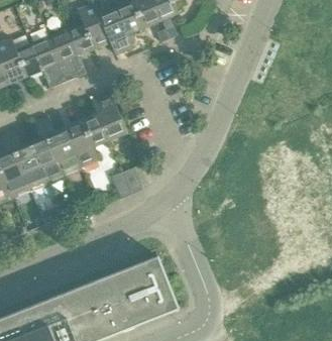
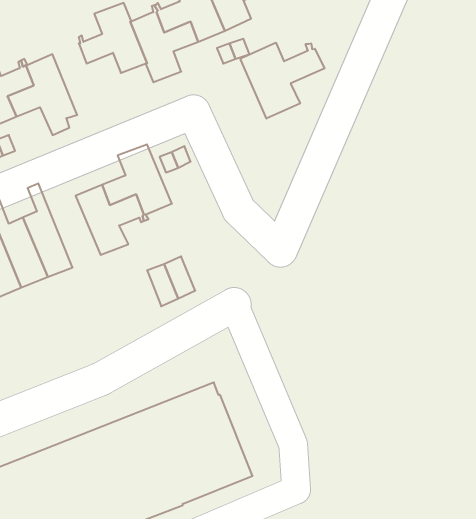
building: [48,26,93,80] -> none
building: none -> [241,43,324,119]
building: [39,118,80,176] -> none

